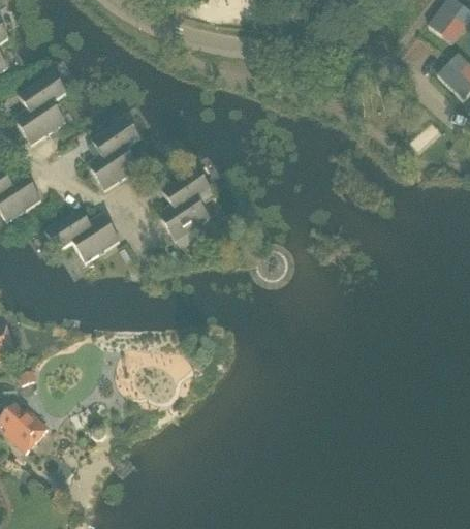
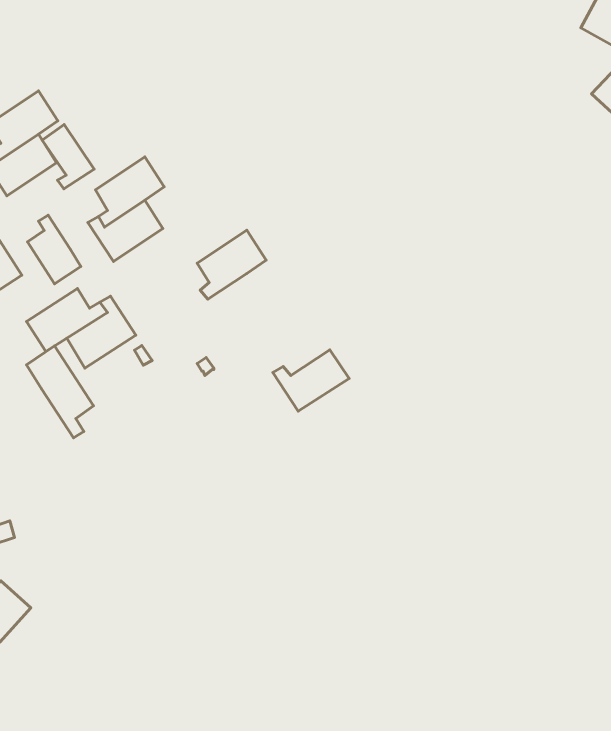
building: none -> [42,124,94,189]
building: none -> [28,215,81,284]
building: [158,197,211,240] -> [273,350,349,411]
building: none -> [26,346,93,438]

